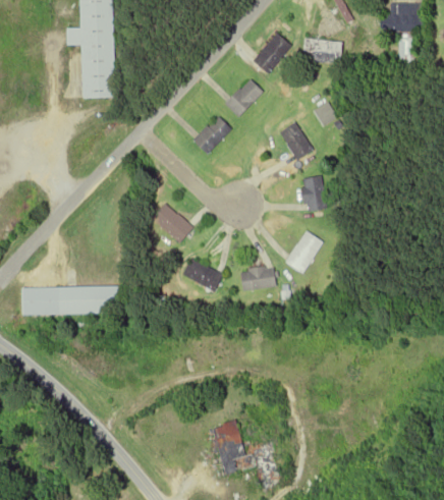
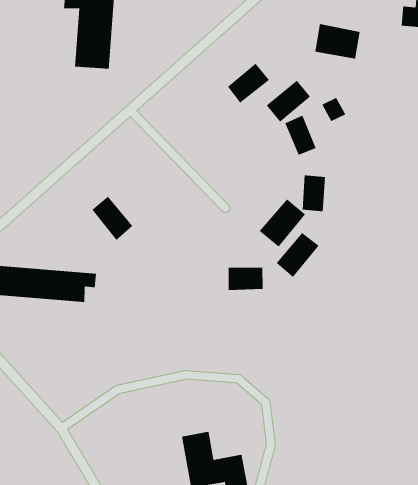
building: [251,33,291,73] -> [266,80,311,122]
building: [193,115,231,154] -> none
building: none -> [259,199,306,247]
building: [152,203,191,243] -> [91,196,133,241]
building: [182,258,222,291] -> none

